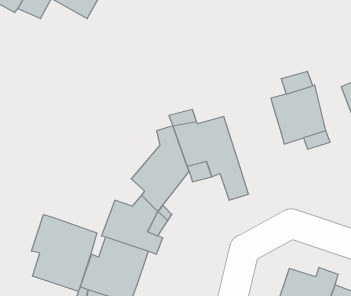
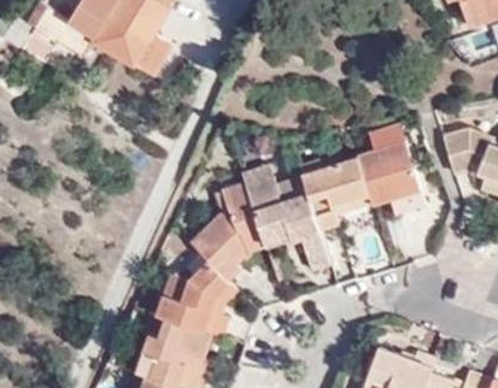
building: none -> [297,158,368,235]
building: [32,215,97,292] -> none

